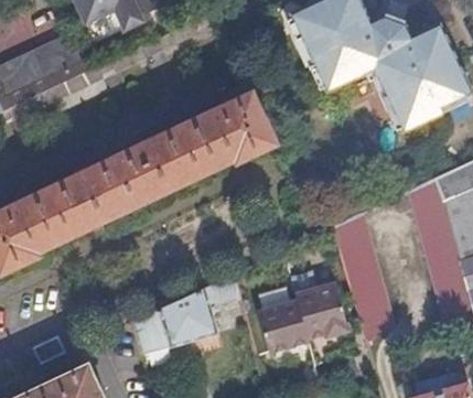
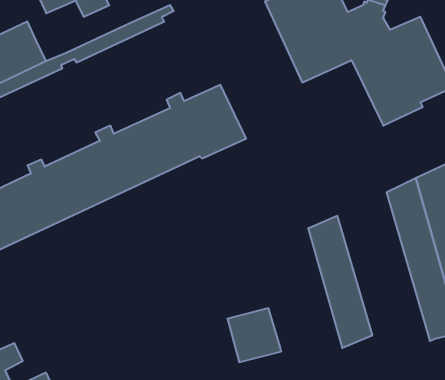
building: [290,272,347,338] -> none
building: [132,288,217,354] -> none

